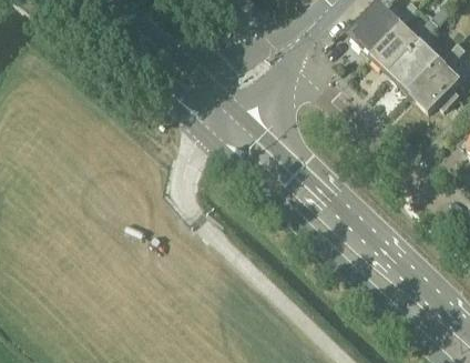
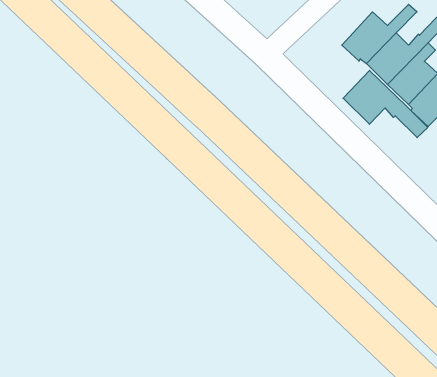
building: none -> [343,70,428,138]

